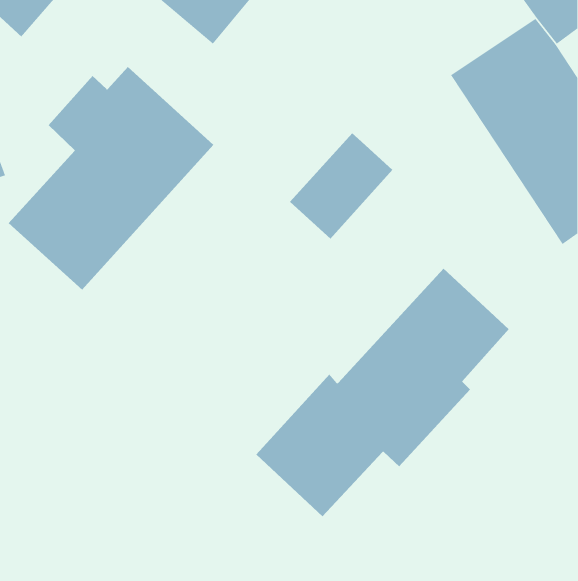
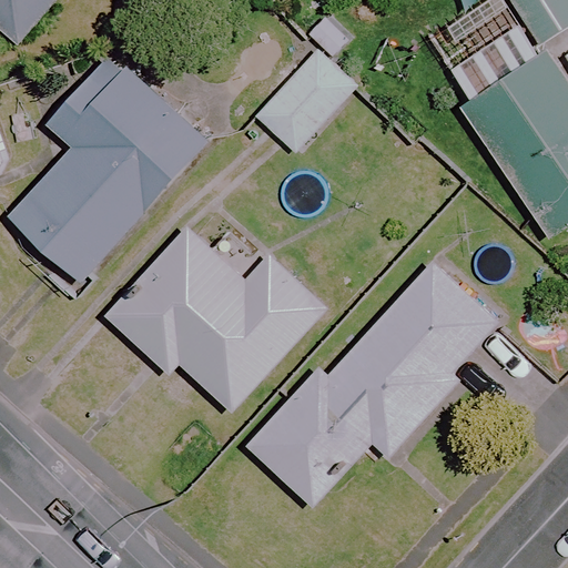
building: [289,132,393,239] -> [253,50,354,154]
building: none -> [106,229,326,409]

